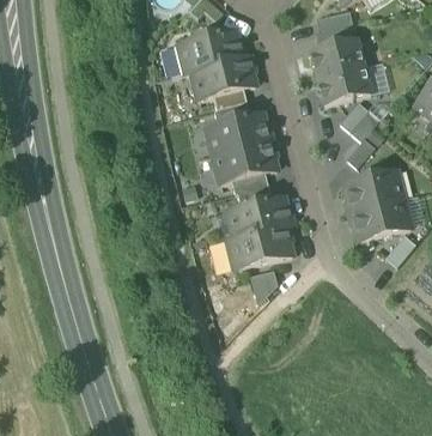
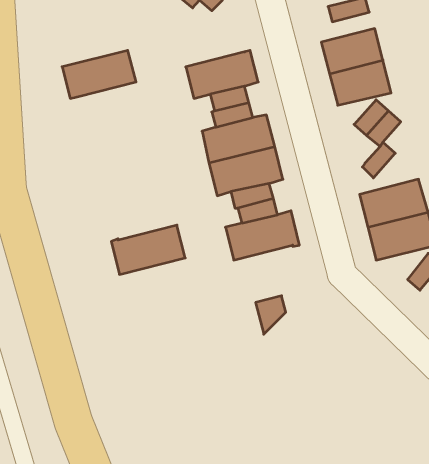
building: [178,29,243,71] -> [62,50,136,98]
building: [227,225,292,268] -> [111,225,185,274]

